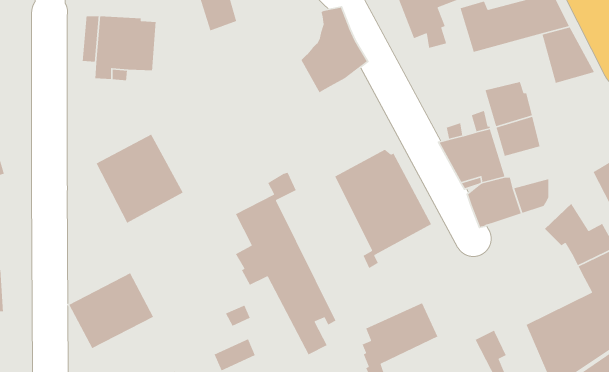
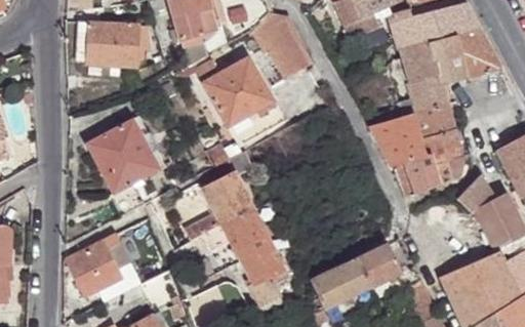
building: none -> [399,37,467,85]
building: none -> [425,130,461,164]
building: [334,149,432,269] -> [205,57,286,157]
building: none -> [357,244,401,287]

